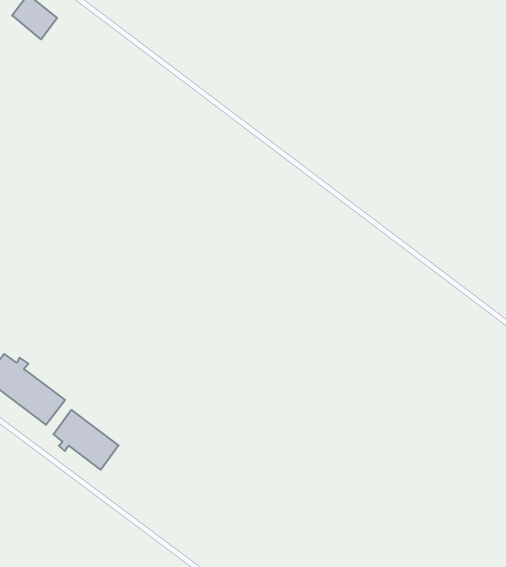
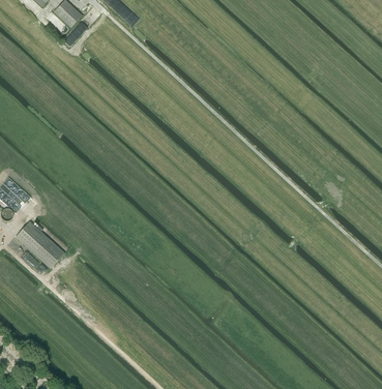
building: [53,410,119,470] -> none

